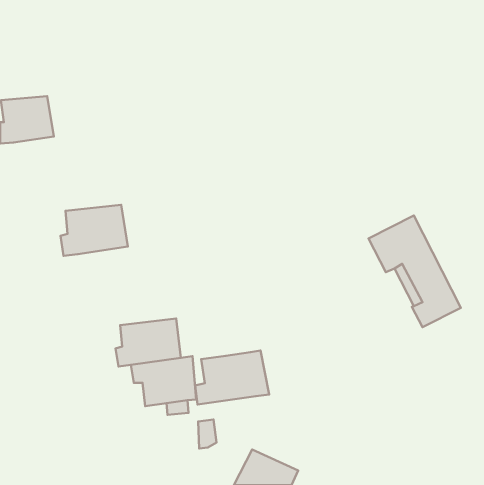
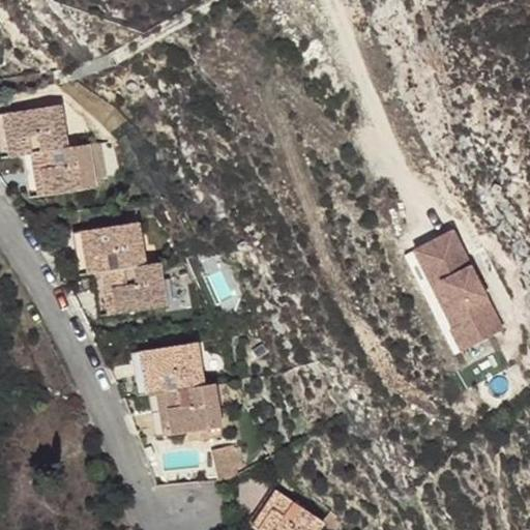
building: none -> [23,143,96,193]
building: none -> [92,263,168,314]
building: [195,351,269,405] -> none

